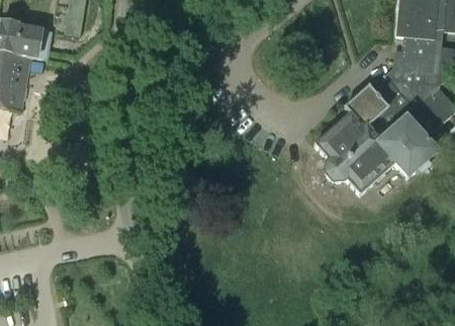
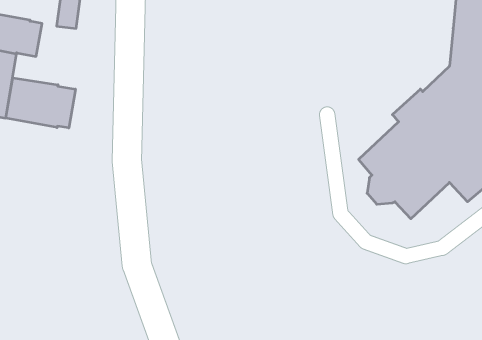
building: none -> [6,78,75,128]

